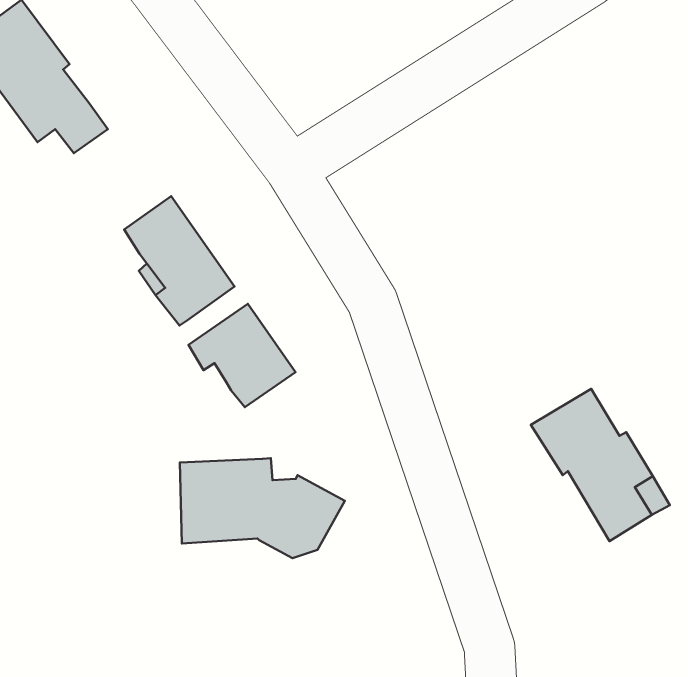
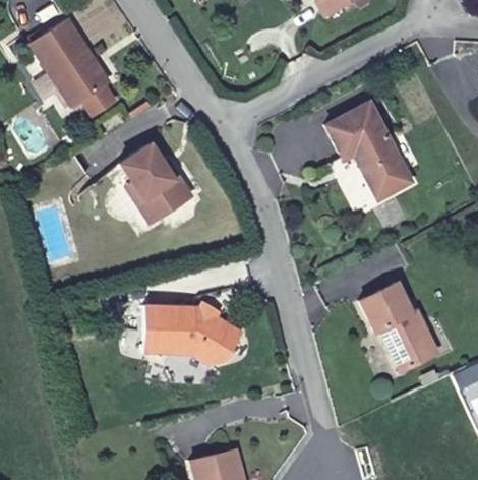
building: none -> [324,97,410,206]
building: [189,304,296,407] -> none

